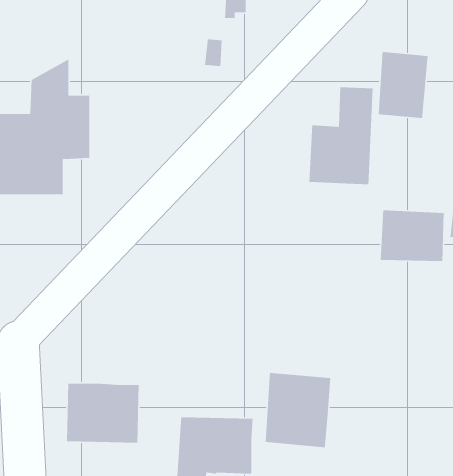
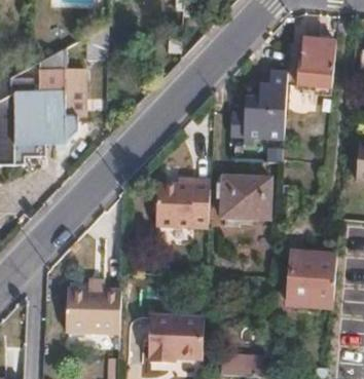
building: [380,210,445,262] -> [216,185,263,223]
building: none -> [156,177,211,229]
building: [265,372,331,448] -> [283,256,331,311]

